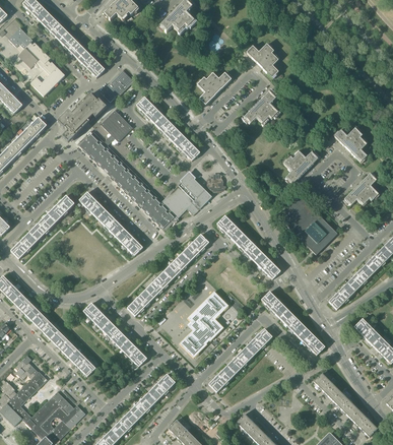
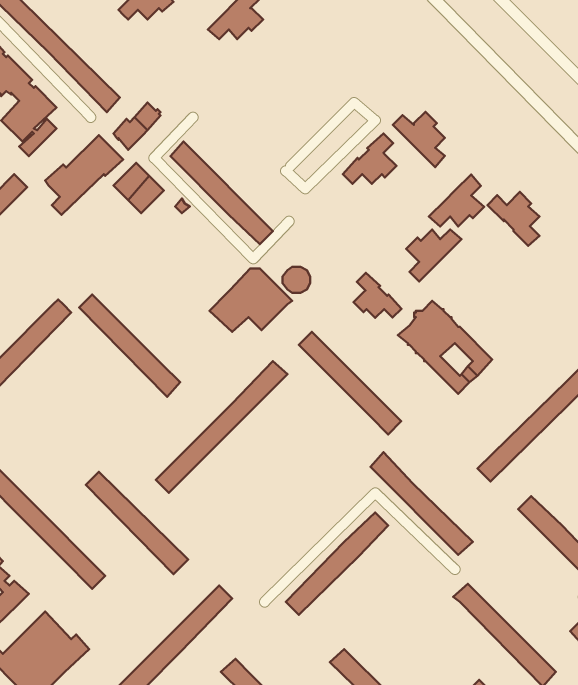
building: [246,44,278,78] -> [393,112,445,167]
building: [197,72,231,105] -> none
building: [79,132,175,229] -> none
building: [343,173,378,205] -> [429,174,484,226]
building: none -> [354,273,401,318]
building: [179,291,228,358] -> none

